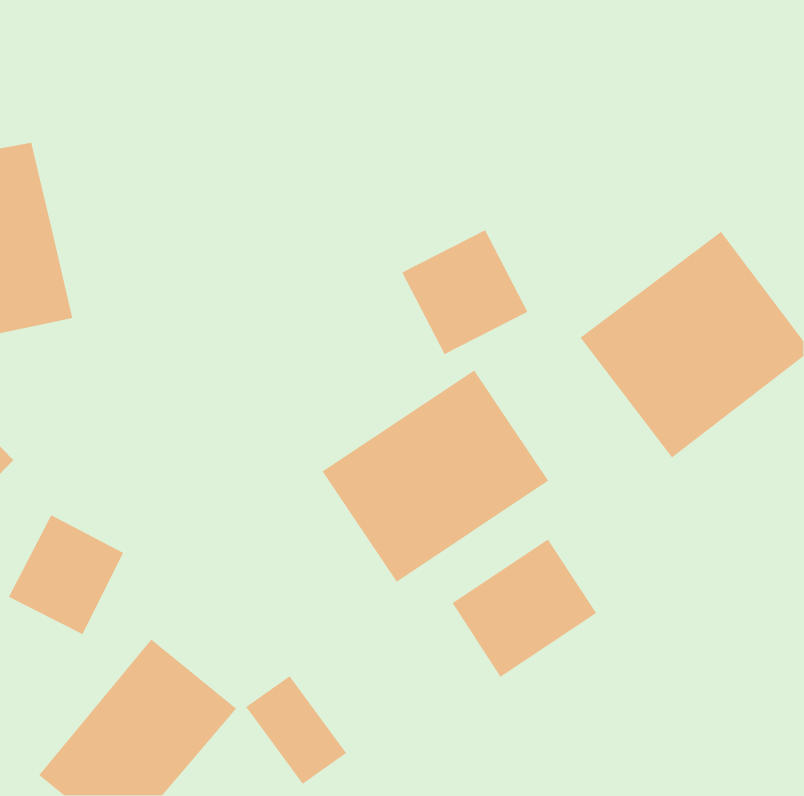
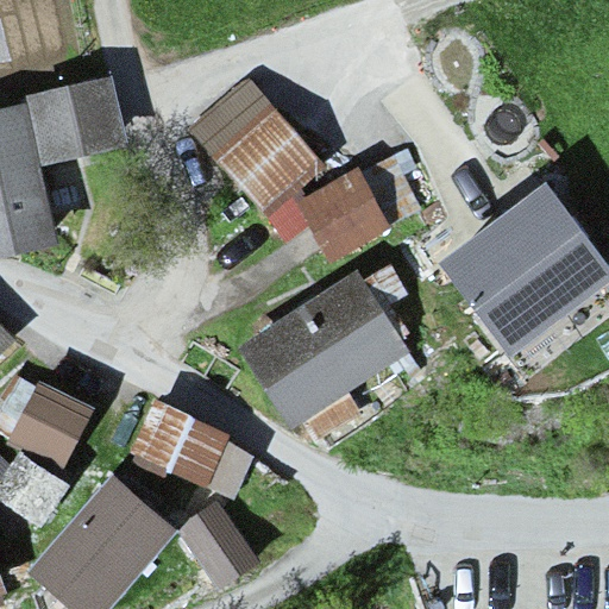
building: none -> [182,74,319,214]
building: none -> [23,76,130,171]
building: none -> [127,400,256,502]
building: [451,538,597,678] -> none

